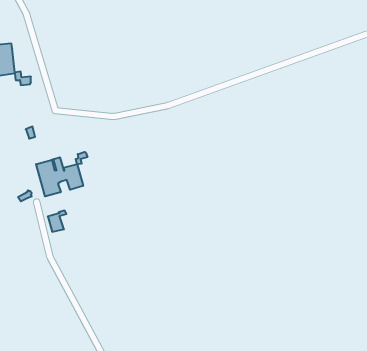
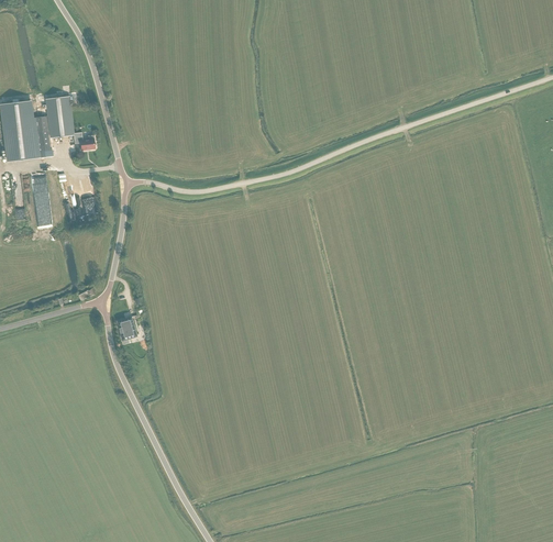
building: [36,152,87,196] -> none

